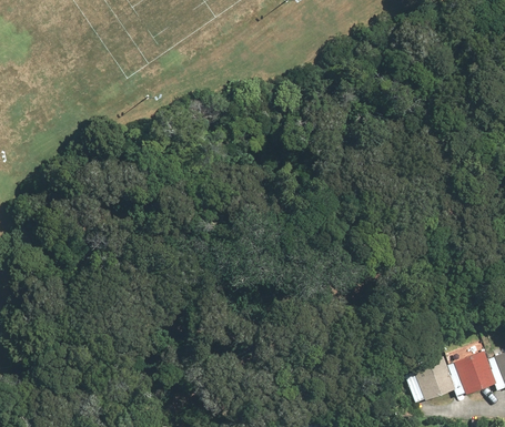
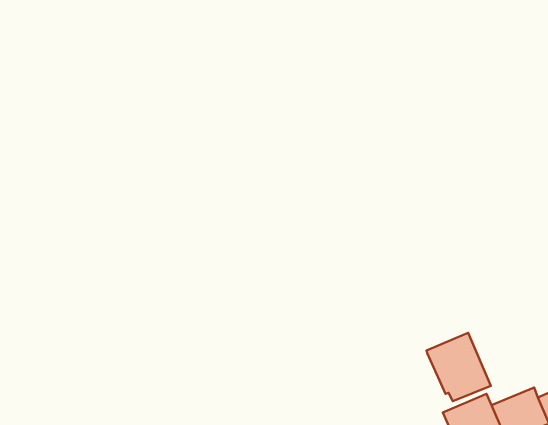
building: none -> [426,333,491,401]

